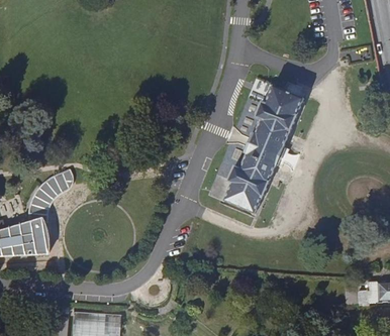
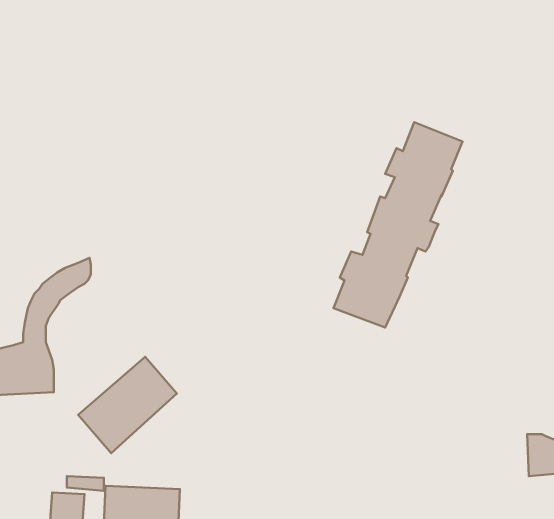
building: none -> [78,357,177,453]

